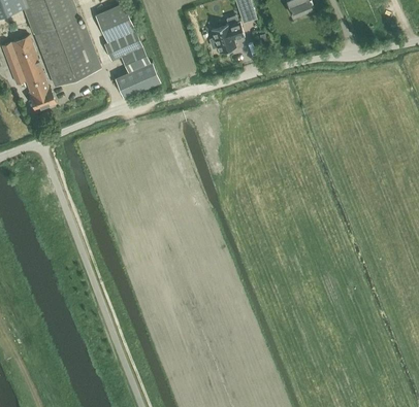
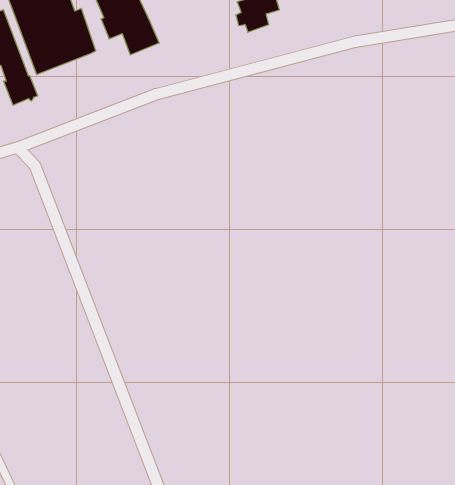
building: [115,62,160,98] -> none

